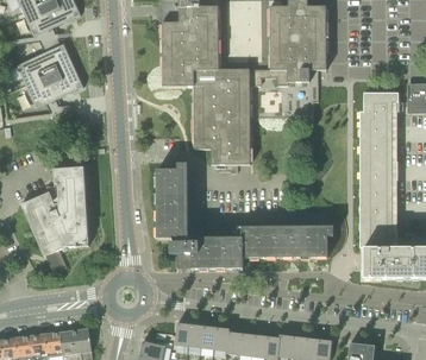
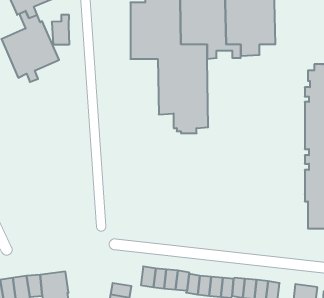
building: none -> [52,15,69,45]
building: [157,164,334,269] -> none
building: [21,168,89,273] -> none

